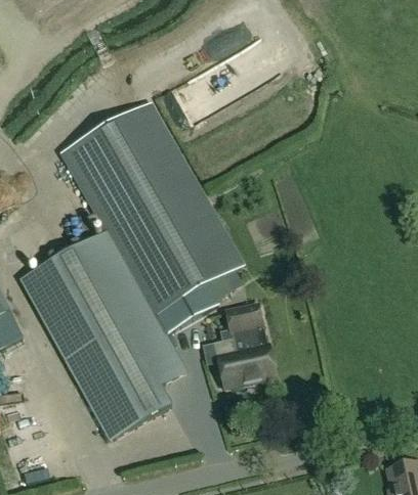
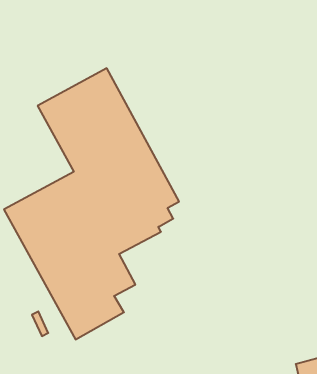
building: [214,303,277,388] -> none

